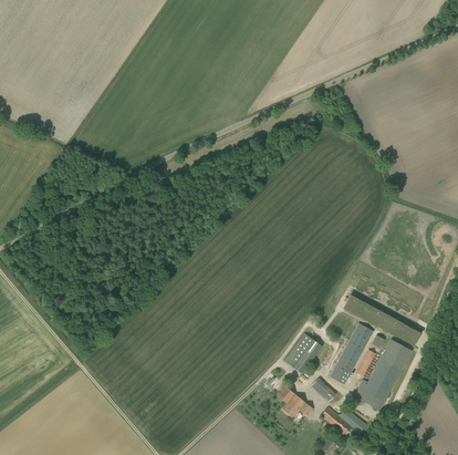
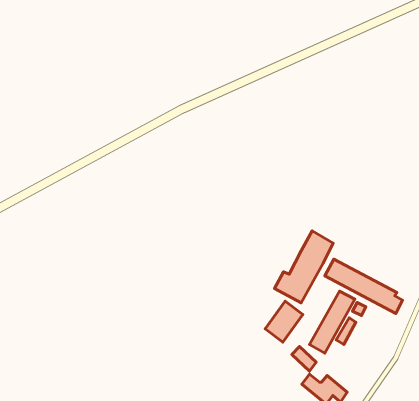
building: [353,339,412,411] -> [275,231,333,303]
building: [277,382,313,418] -> none

